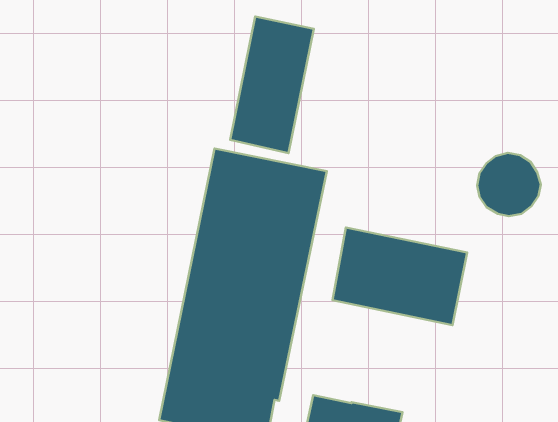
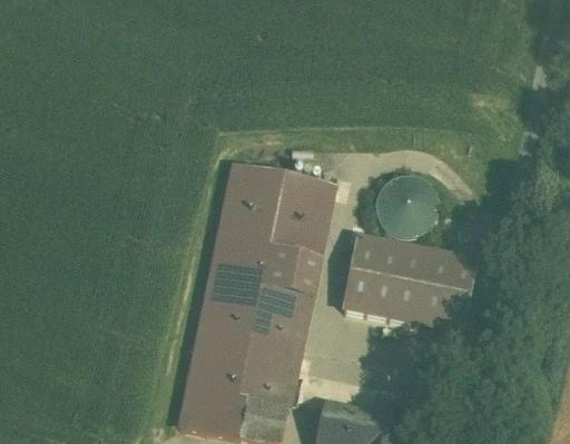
building: [230,16,314,153] -> none
building: [477,153,541,216] -> [377,176,440,238]

